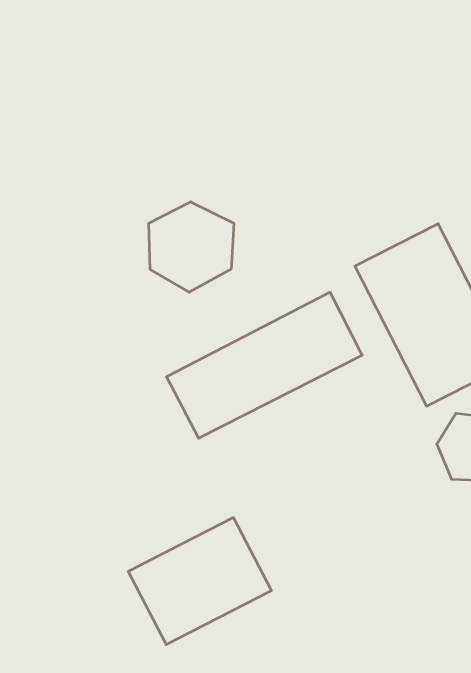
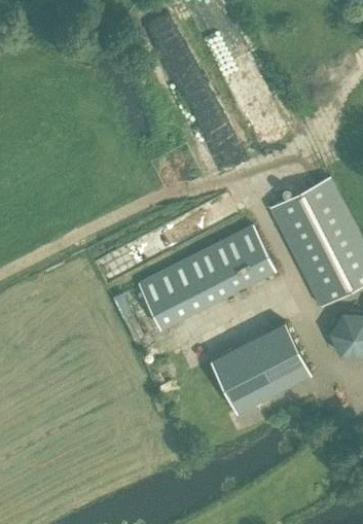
building: [149,202,234,292] -> none
building: [128,518,271,645] -> [210,323,311,413]

